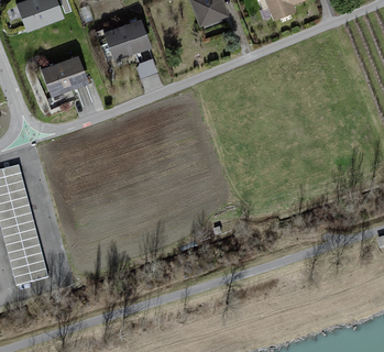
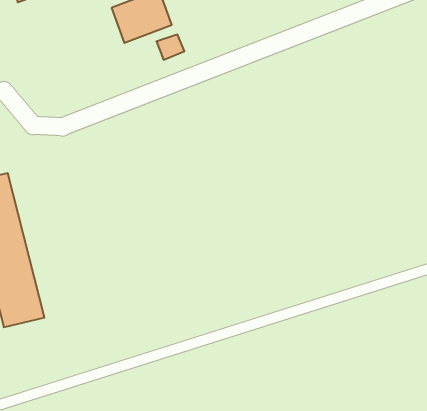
building: [42,56,87,94] -> none

